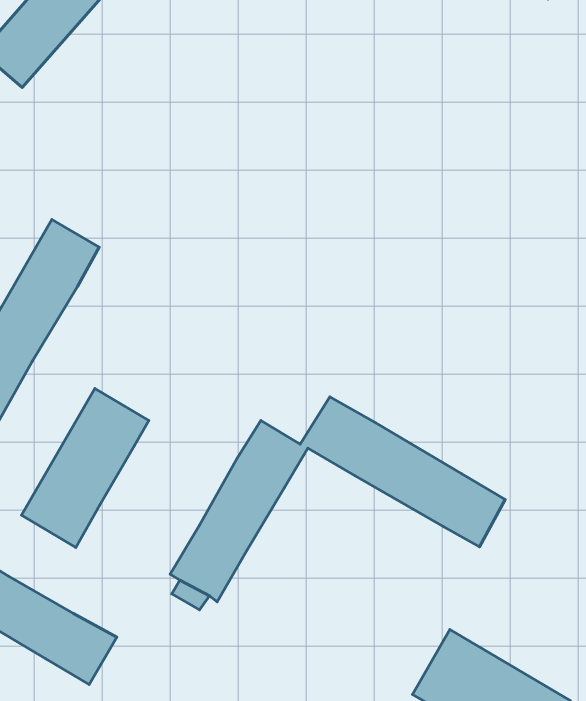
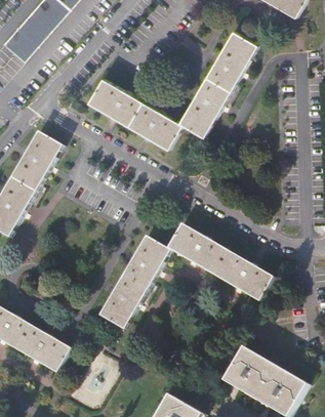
building: none -> [88,31,257,149]
building: [21,388,149,547] -> none

